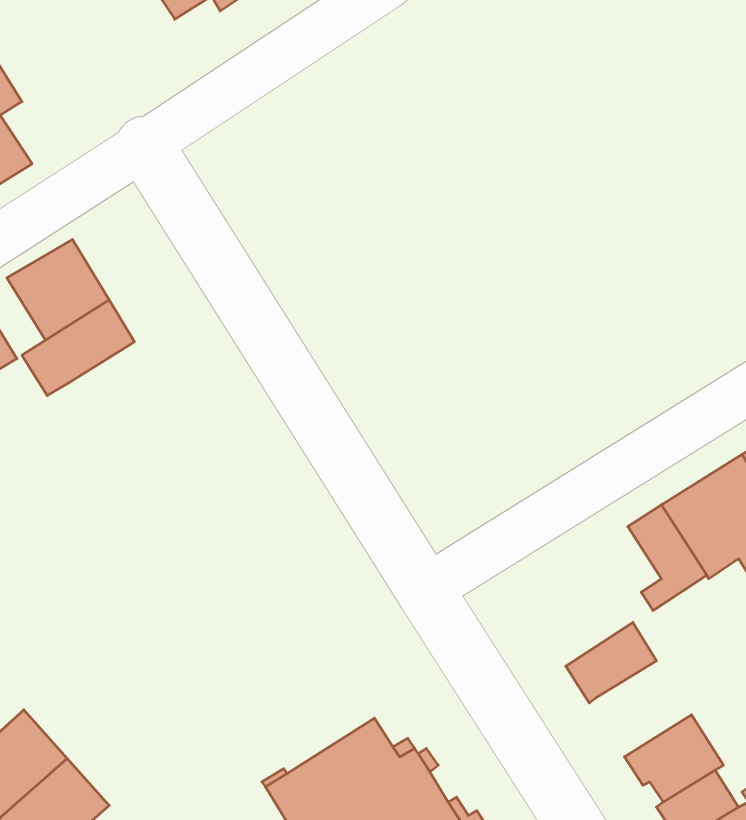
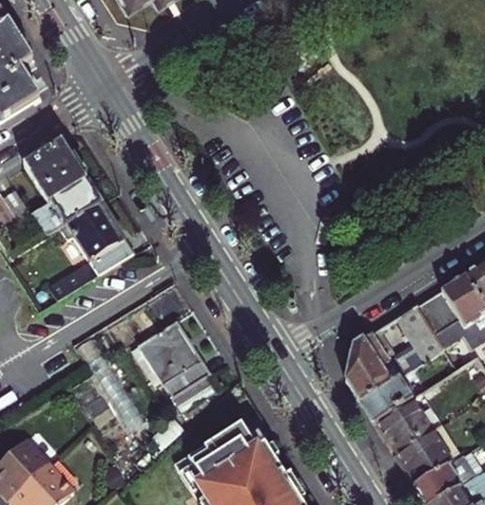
building: none -> [49,206,133,304]
building: none -> [345,322,403,399]
building: none -> [139,324,210,399]
building: none -> [376,396,433,453]

